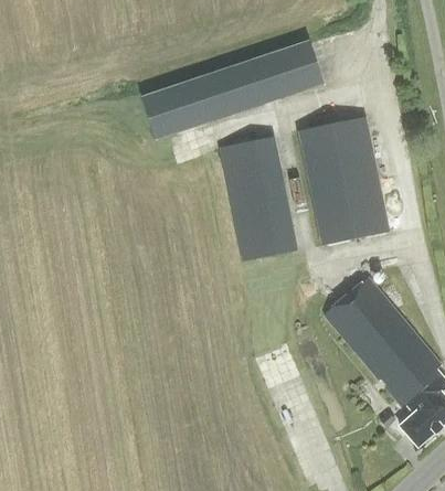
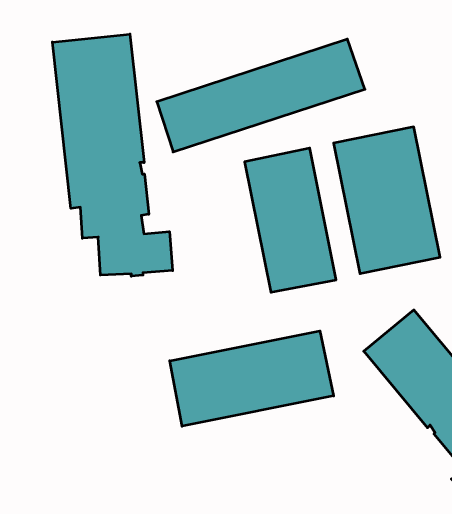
building: none -> [52,34,173,276]
building: none -> [170,331,334,426]

